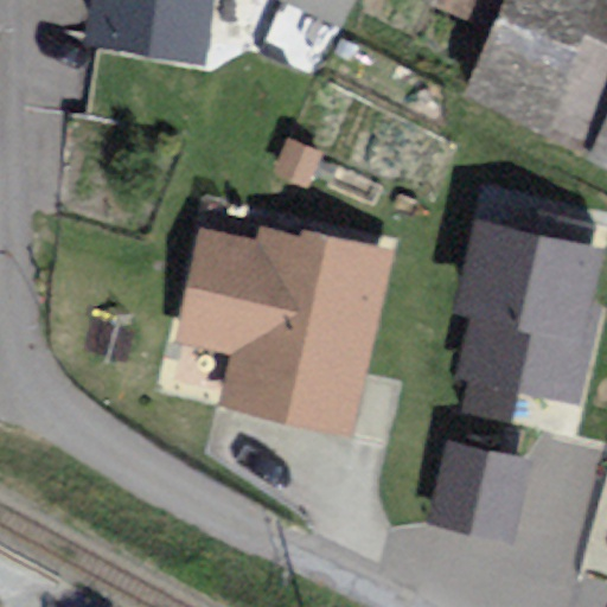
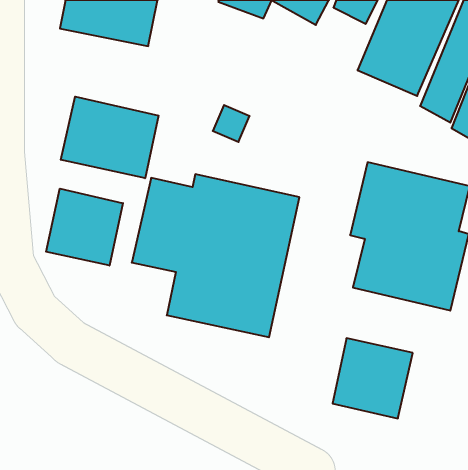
building: none -> [61,97,159,178]
building: none -> [46,189,123,266]

